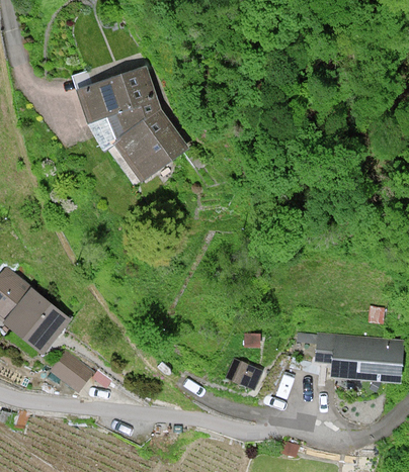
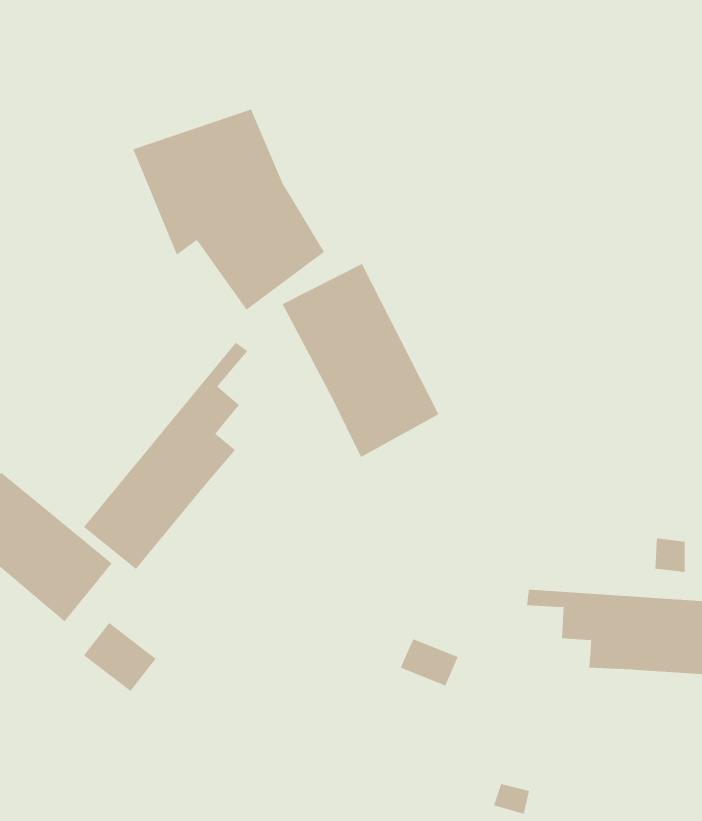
building: none -> [282,263,439,458]
building: none -> [83,342,248,570]

